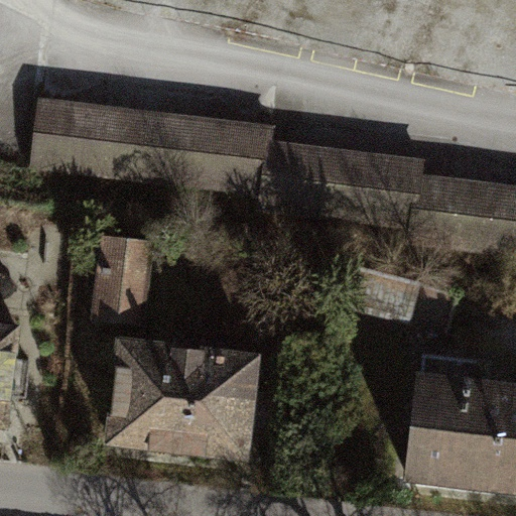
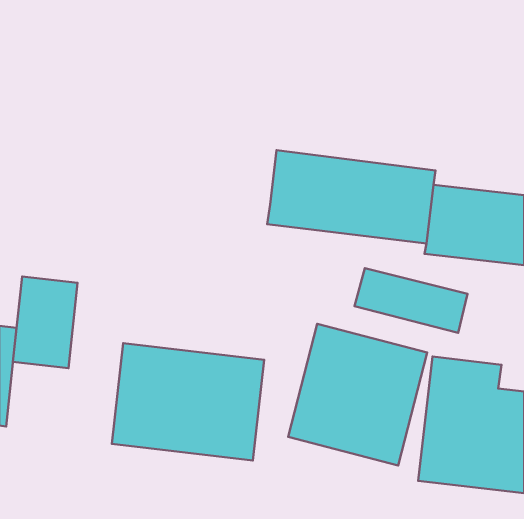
building: [31,102,273,201] -> none
building: [92,231,155,320] -> [13,277,78,368]
building: none -> [288,324,427,466]

